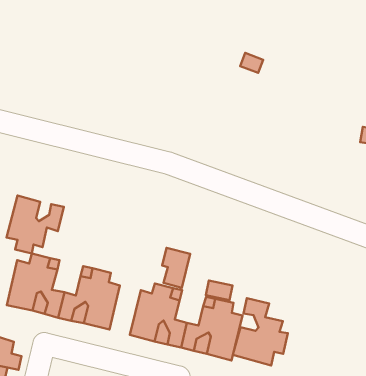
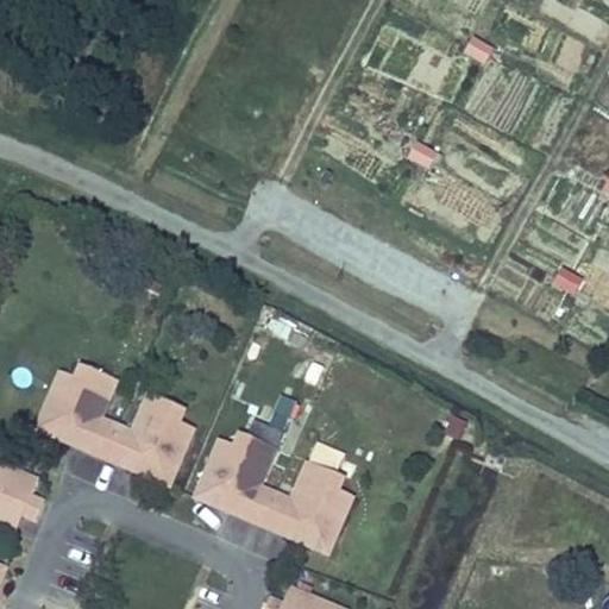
building: [7,195,64,253] -> none
building: [233,298,288,365] -> none

